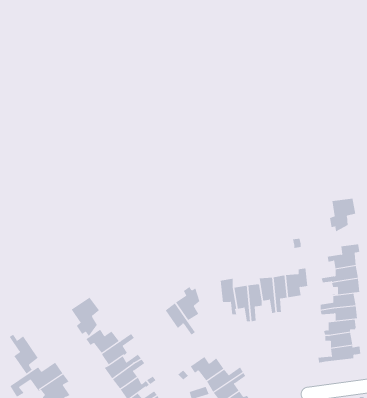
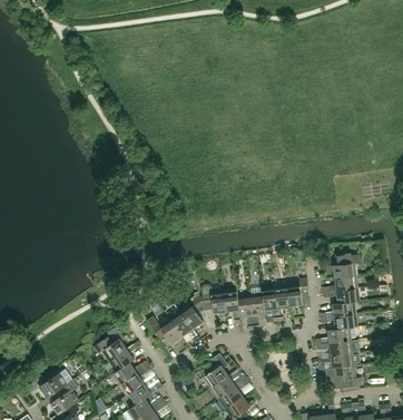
building: [329,198,356,232] -> none
building: none -> [200,291,226,314]
building: [71,297,100,337] -> none
building: none -> [147,318,183,344]
building: [9,334,38,374] -> none
building: none -> [326,367,361,389]

